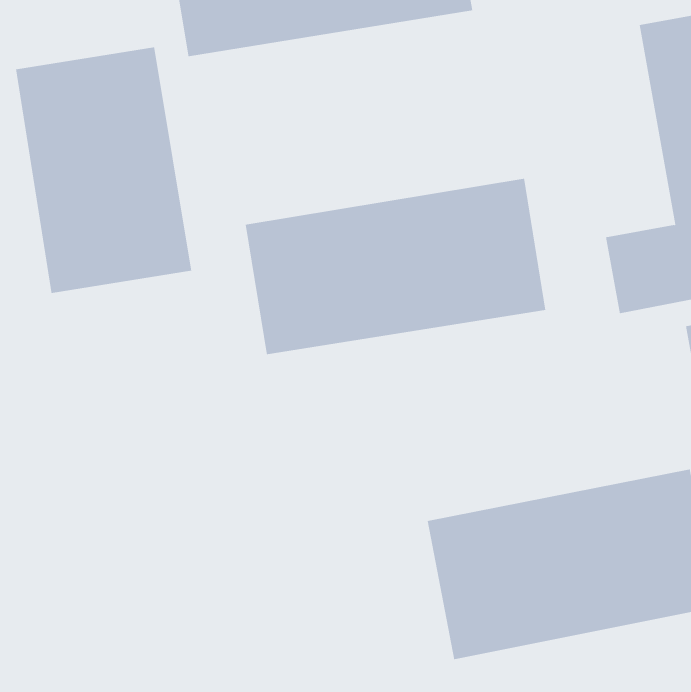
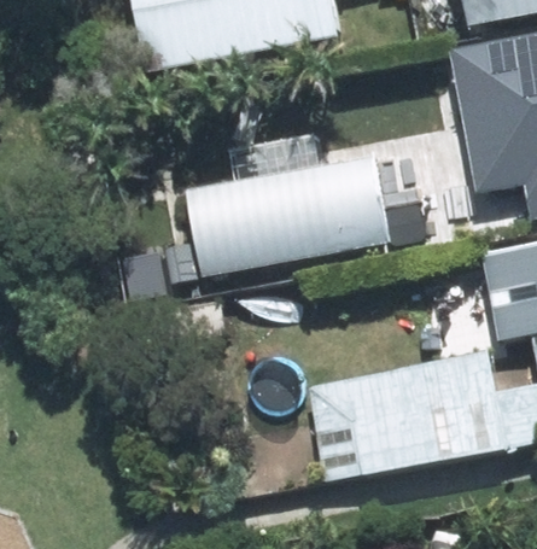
building: [16,47,192,294] -> none

